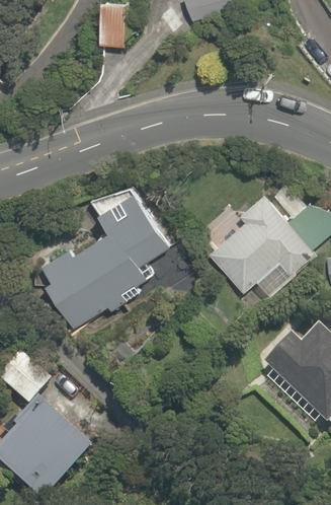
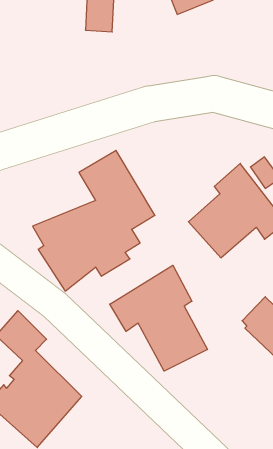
building: none -> [110,265,207,371]

